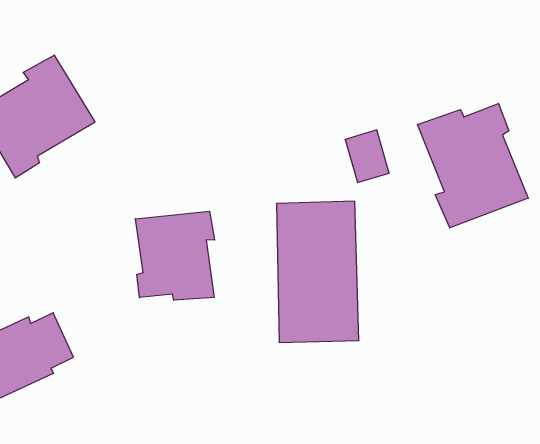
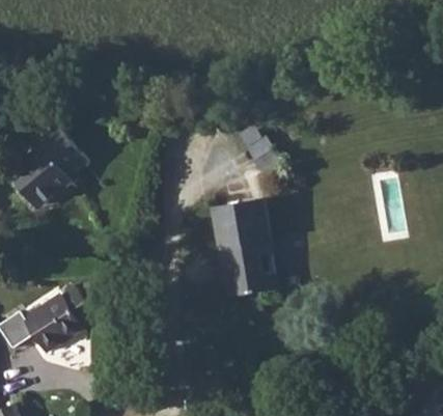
building: [417,103,528,228] -> none
building: [135,211,215,300] -> none

